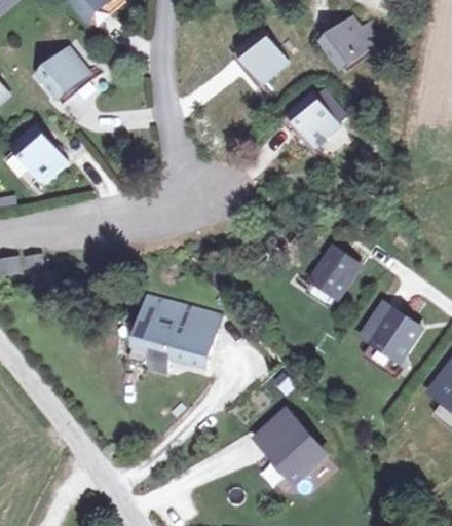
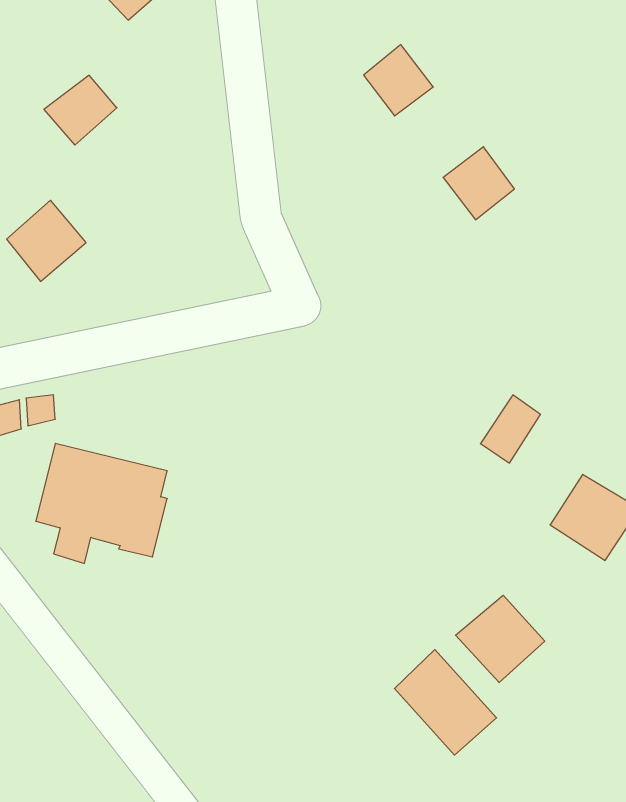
building: [322,18,368,65] -> none
building: [137,300,220,376] -> [36,443,167,563]
building: none -> [456,595,545,683]

